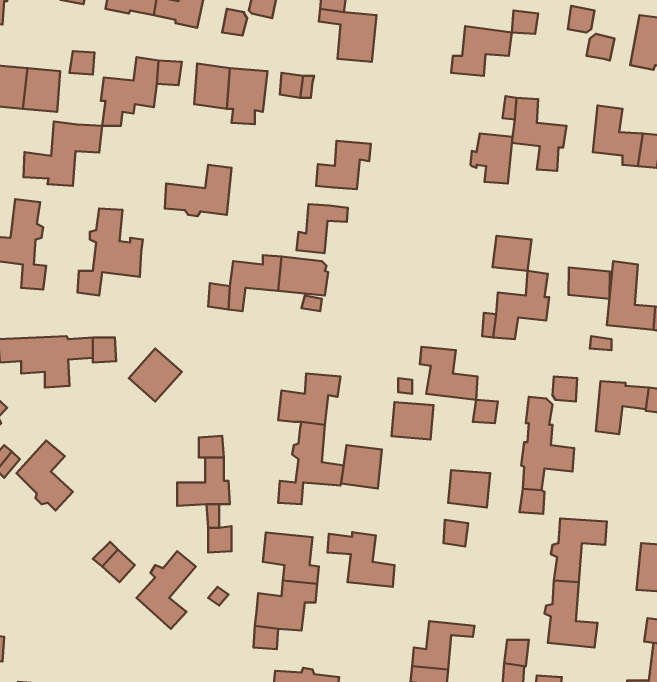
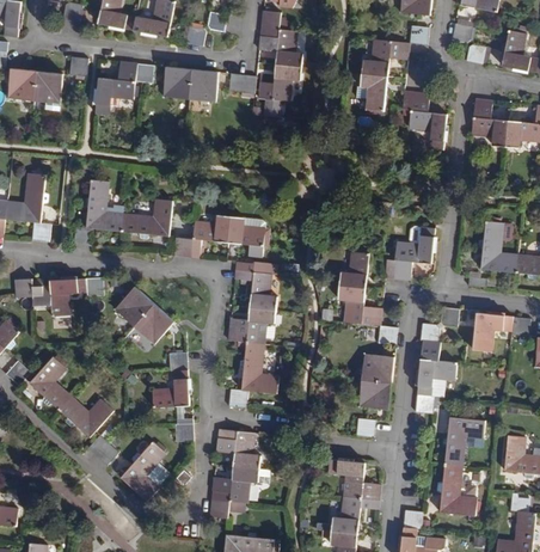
building: [23,121,102,186] -> none
building: [470,134,512,183] -> [354,74,386,112]
building: [316,141,371,189] -> [258,63,300,100]
building: [165,165,232,216] -> [122,197,173,237]
building: [297,204,348,253] -> none
building: [492,236,531,271] -> none
building: [568,268,610,299] -> none
building: none -> [338,250,368,287]
building: none -> [235,268,277,307]
building: none -> [134,303,173,344]
building: [392,402,434,439] -> [361,352,393,381]
building: [341,445,382,488] -> none
building: none -> [57,395,112,438]
building: [327,532,394,587] -> [329,456,380,498]

